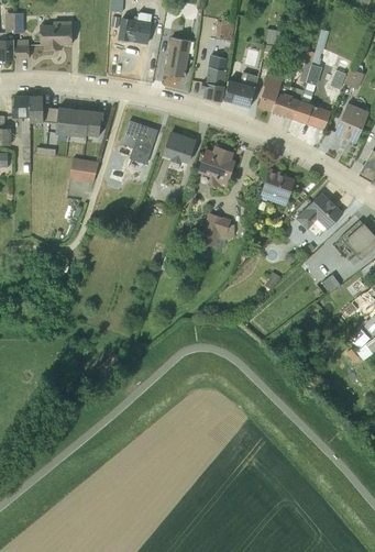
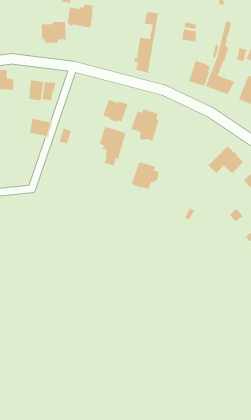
building: [40,21,73,49] -> [41,21,67,44]
building: [165,36,191,77] -> none
building: [223,71,258,108] -> none
building: [257,73,283,111] -> none
building: [51,108,71,134] -> none
building: [122,121,157,173] -> [99,126,127,167]
building: [260,167,295,206] -> none

